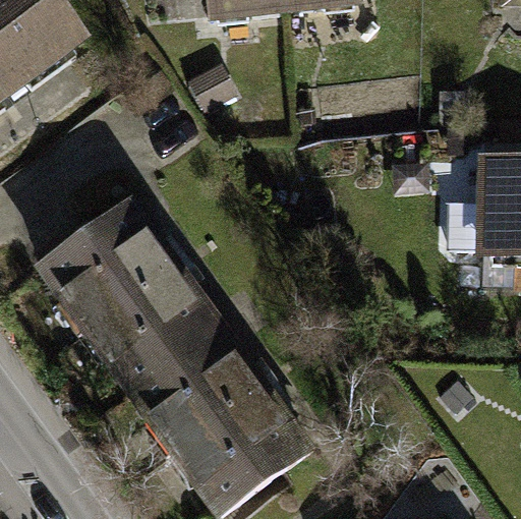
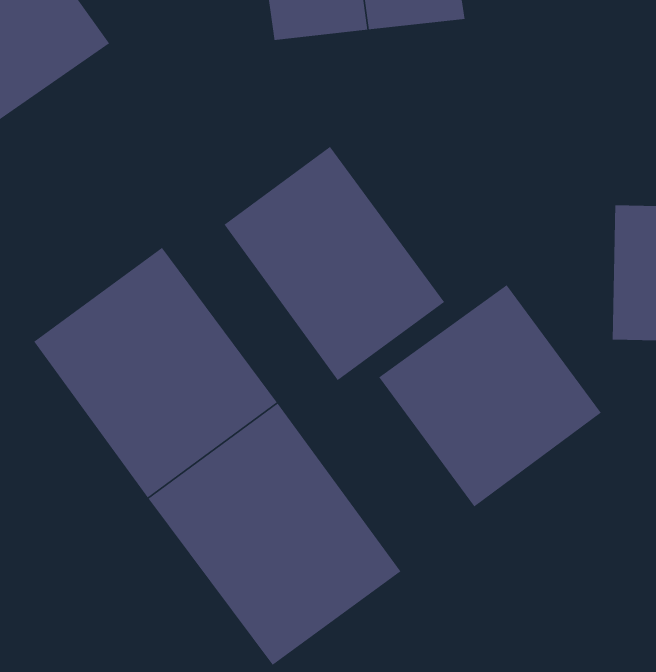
building: none -> [224,146,445,381]
building: none -> [378,284,602,508]

